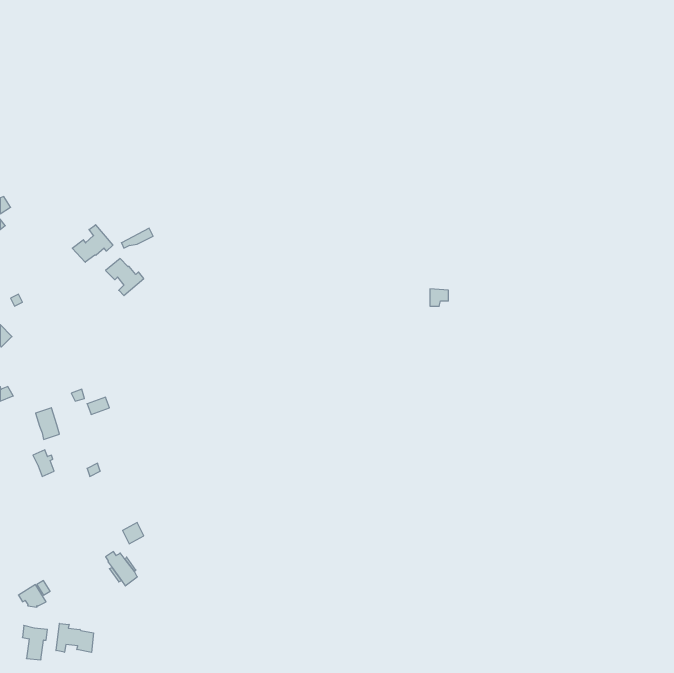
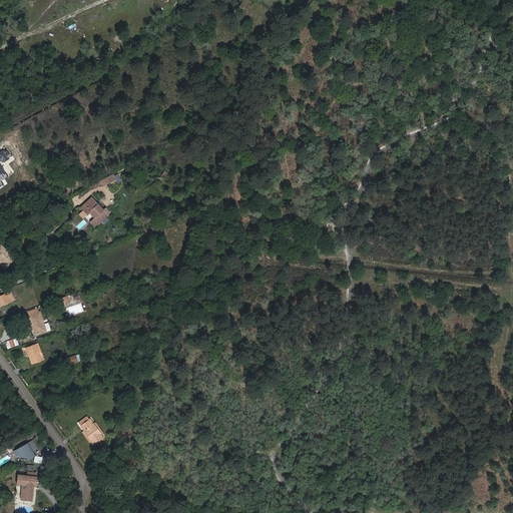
building: [72,225,113,262] -> none
building: [56,623,93,652] -> none

